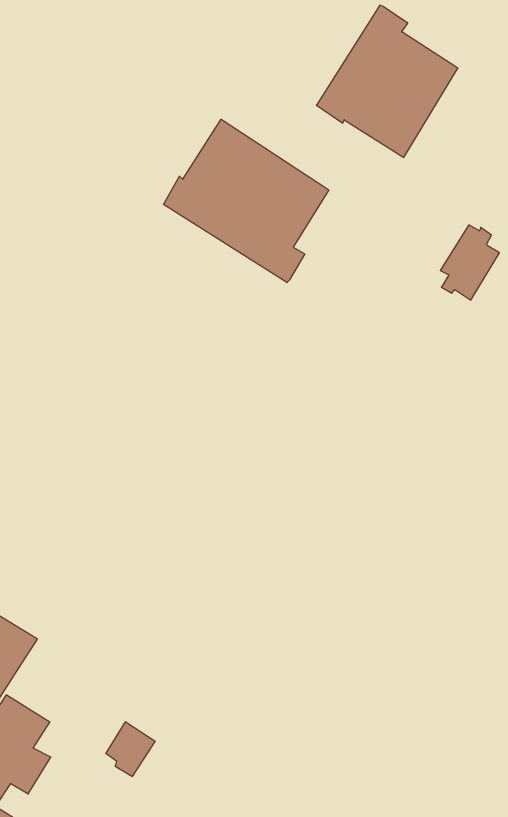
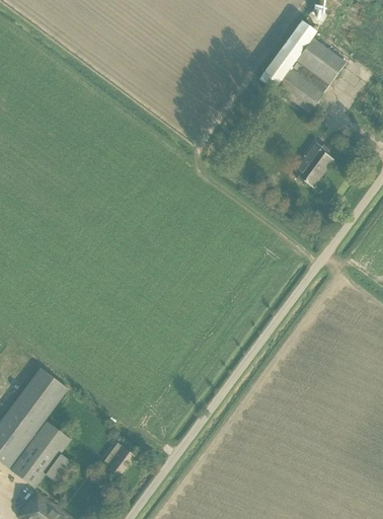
building: [163,119,329,283] -> none
building: [440,225,499,300] -> [297,141,333,187]

